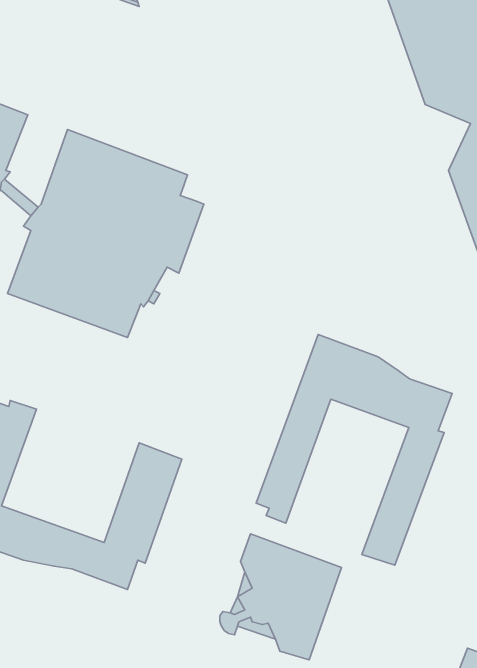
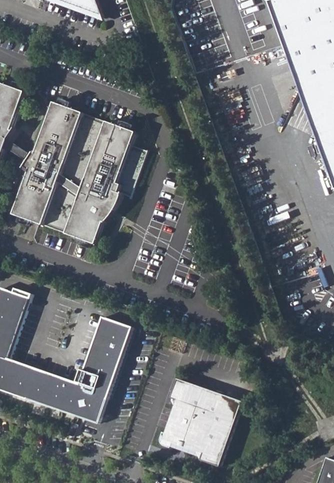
building: none -> [296,85,327,130]
building: [256,334,452,565] -> none
building: none -> [22,396,105,422]

